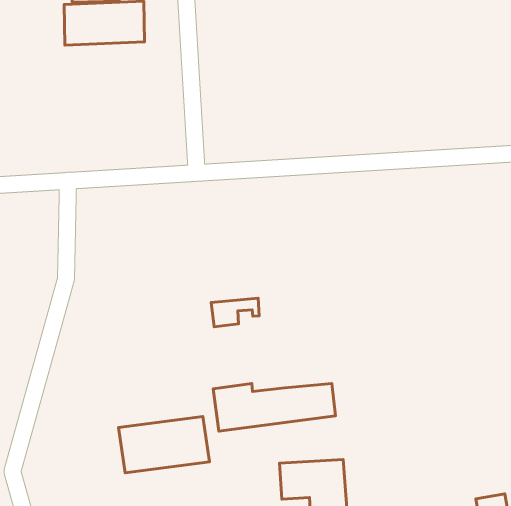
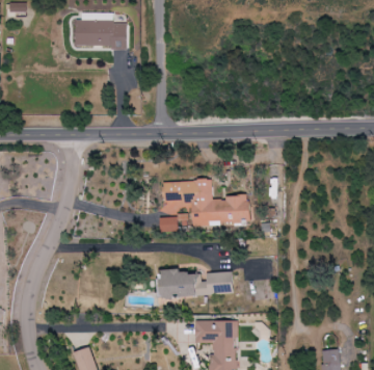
building: none -> [163,181,248,228]
building: [118,417,210,473] -> none

